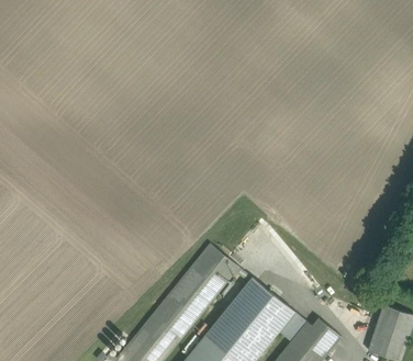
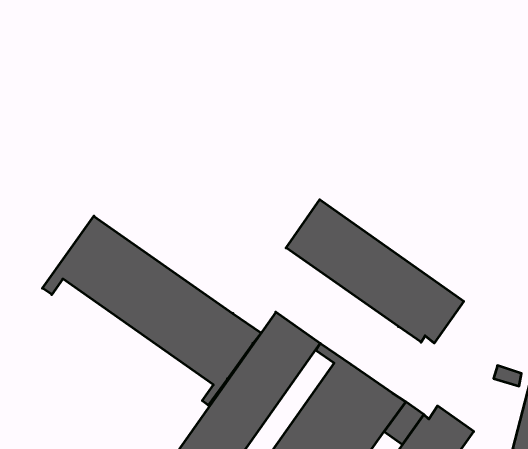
building: none -> [286,200,464,343]
building: none -> [42,216,261,405]

